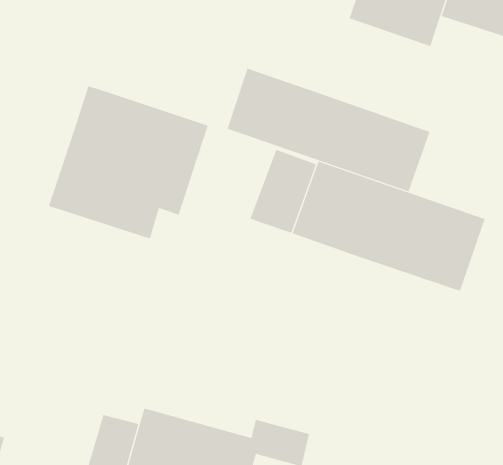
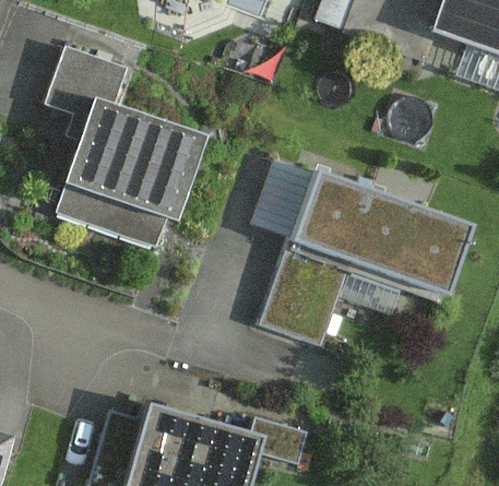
building: none -> [44,48,126,141]
building: [227,68,430,192] -> none
building: none -> [258,239,352,349]

